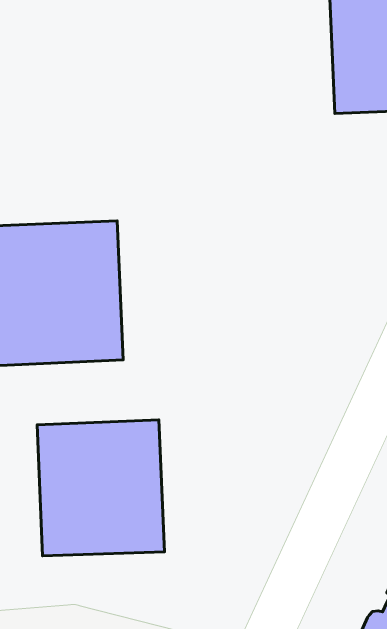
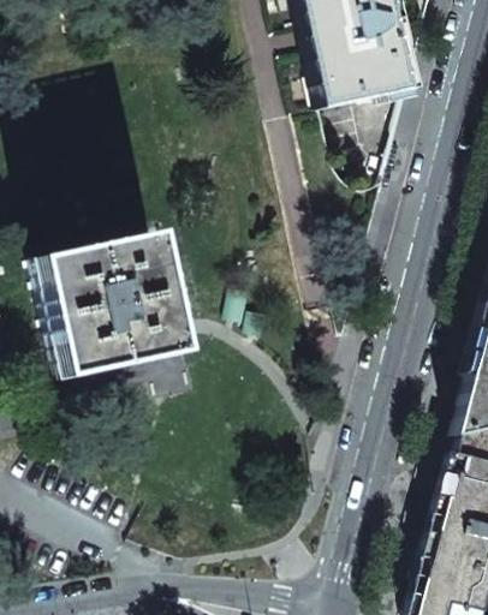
building: [37,420,164,556] -> none

